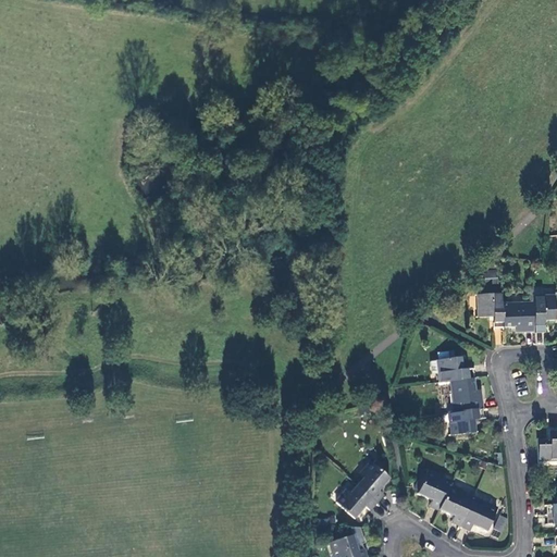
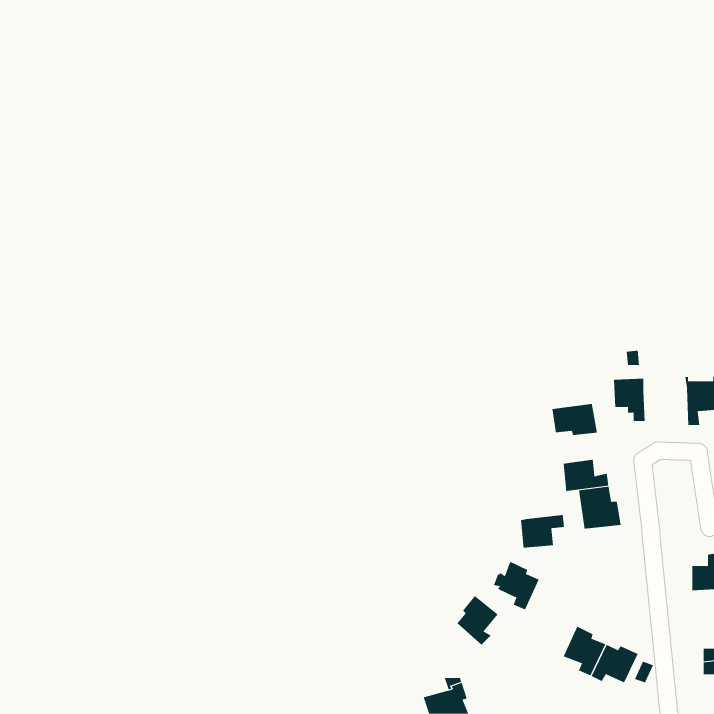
building: [502,301,535,332] -> none
building: none -> [552,403,597,436]
building: [450,408,485,434] -> [520,515,565,548]
building: [413,472,449,510] -> [493,561,539,610]
building: [336,484,375,519] -> none

